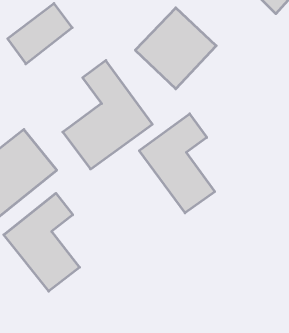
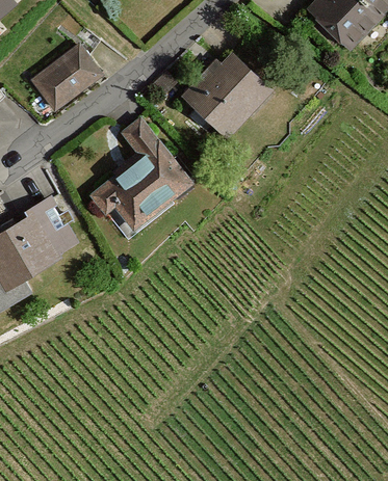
building: [139,114,215,213] -> none
building: [4,193,80,291] -> none

